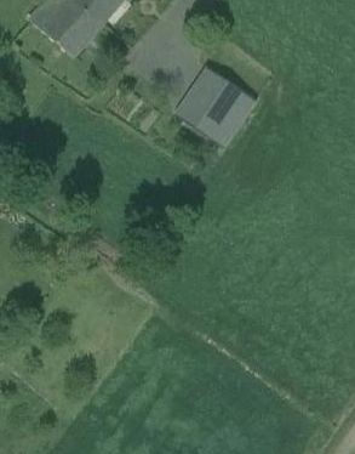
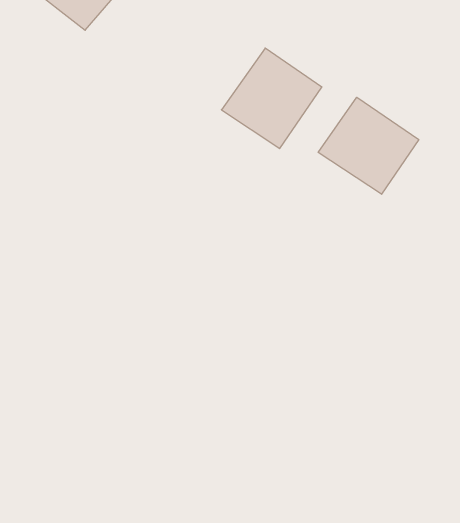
building: none -> [318,97,419,194]

